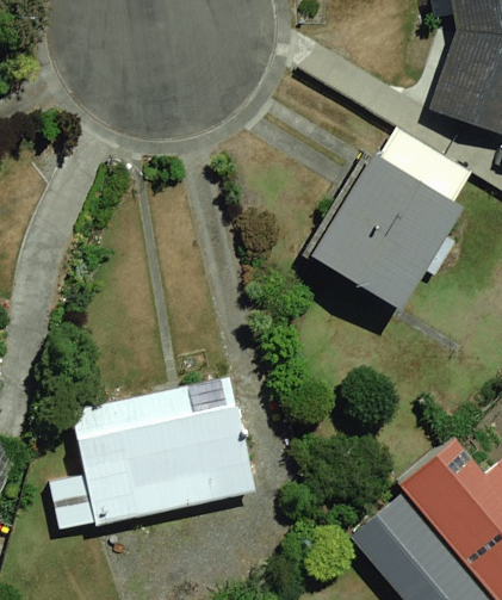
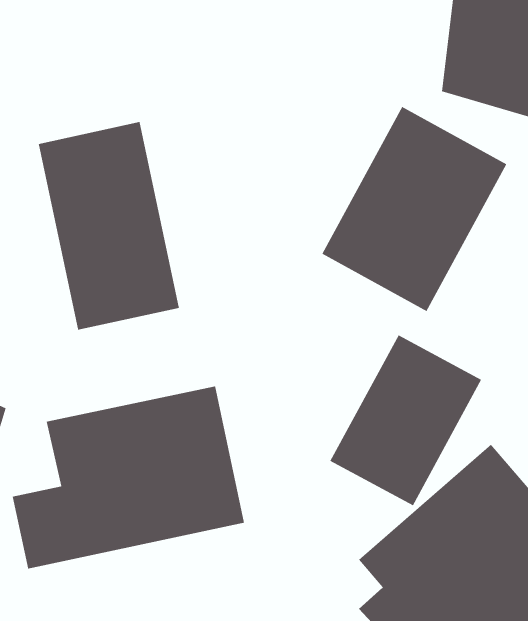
building: none -> [38,121,179,331]
building: none -> [329,334,482,506]

